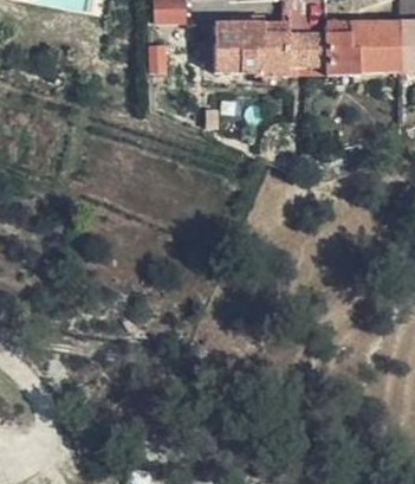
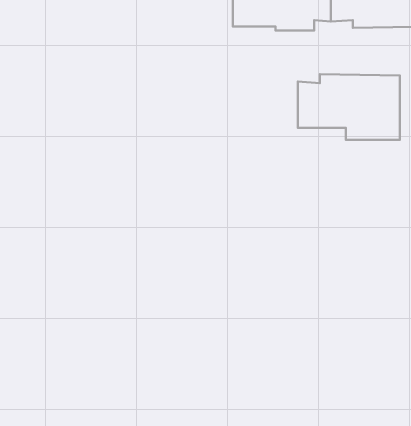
building: none -> [298,74,400,140]

